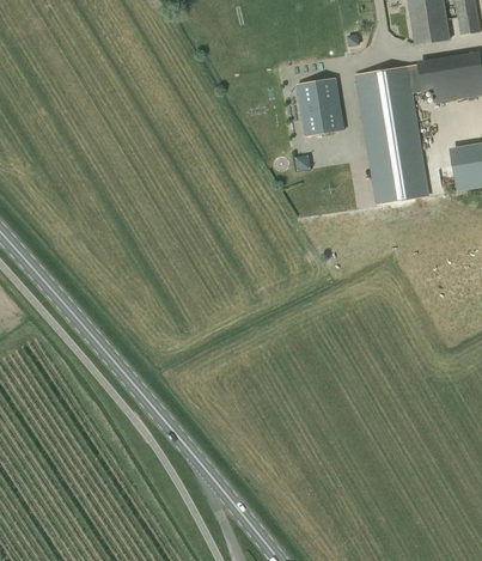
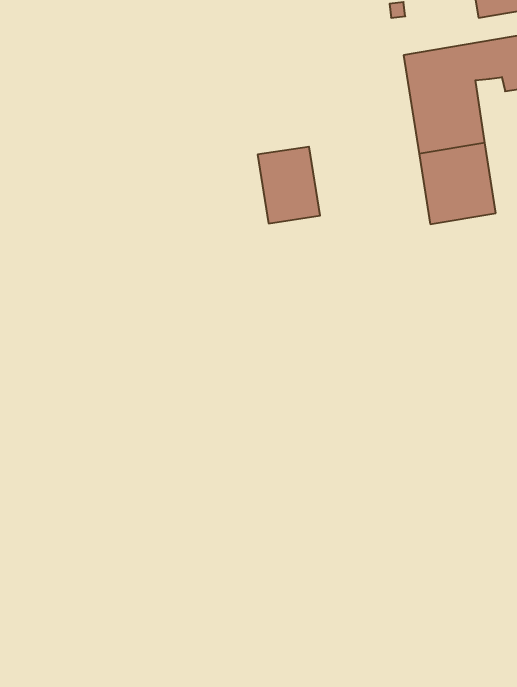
building: [297,77,344,135] -> [258,147,320,223]

